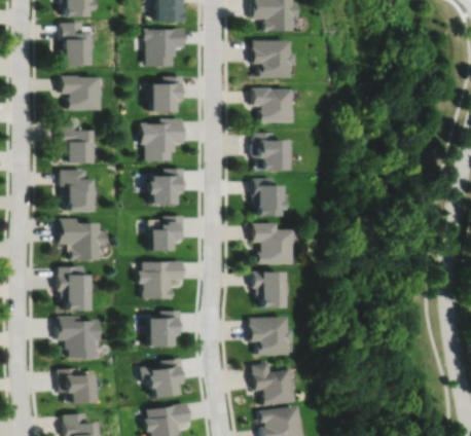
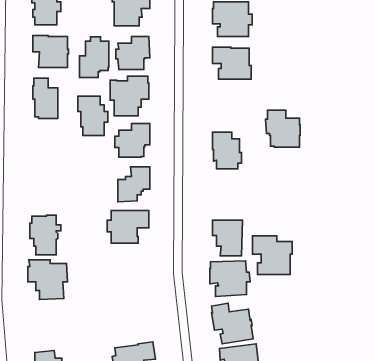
building: none -> [79,37,109,77]
building: [251,133,288,172] -> [266,110,300,147]
building: [61,171,93,213] -> [78,96,108,136]
building: [59,219,102,261] -> none
building: [252,224,294,265] -> [253,236,292,274]
building: [146,310,182,346] -> none
building: [142,357,185,397] -> none
building: [58,366,94,402] -> none

